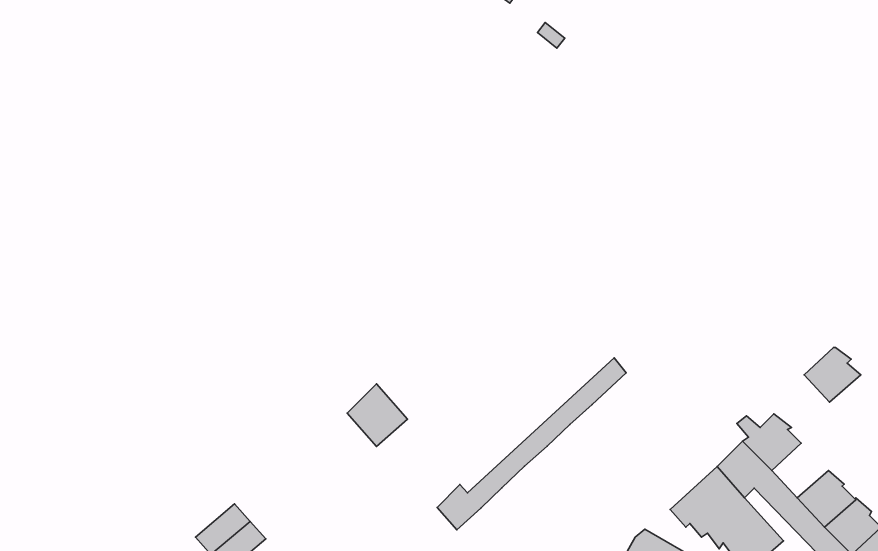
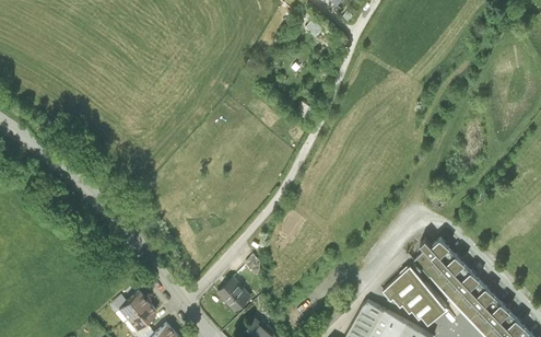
building: [804,347,861,402] -> [439,255,471,286]
building: [437,358,626,530] -> none
building: [347,384,408,447] -> [216,275,250,310]

